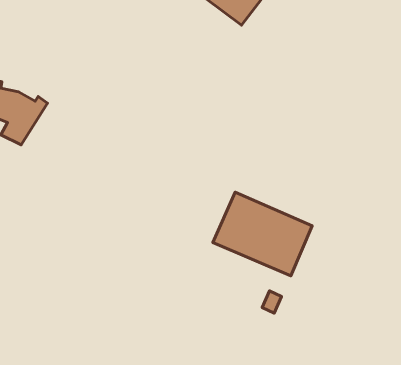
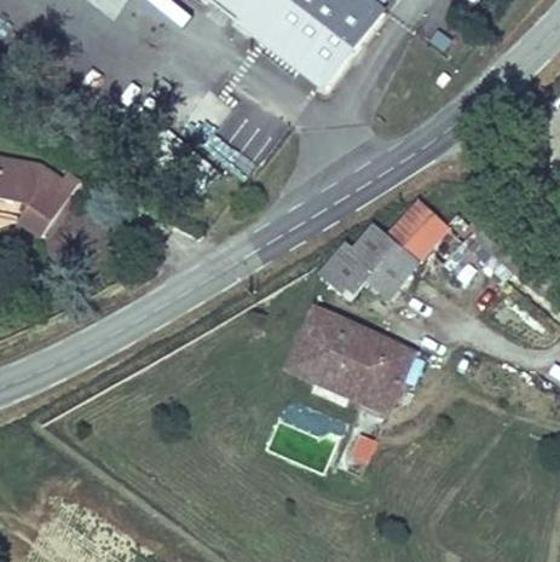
building: none -> [321,197,450,299]

